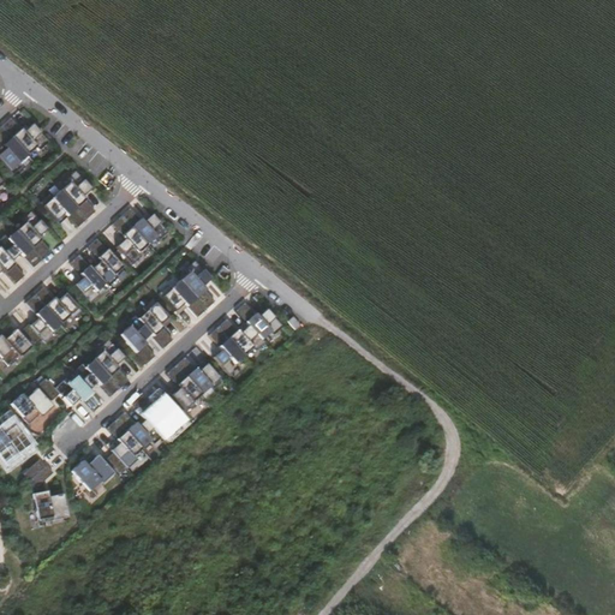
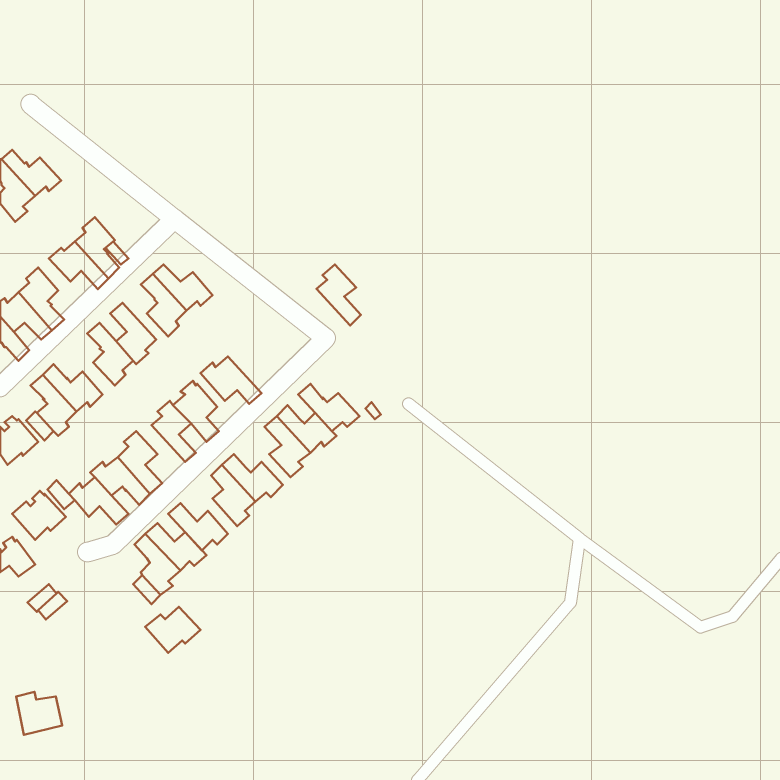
building: [180,261,215,309] -> [316,264,361,326]
building: [71,455,114,491] -> [145,607,200,653]
building: [32,490,68,524] -> [16,692,62,735]

